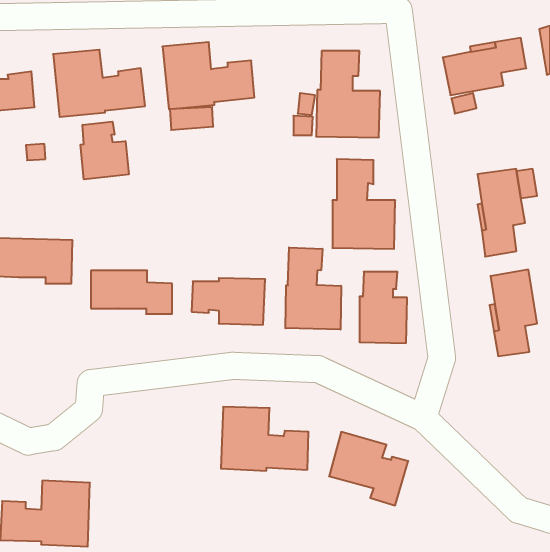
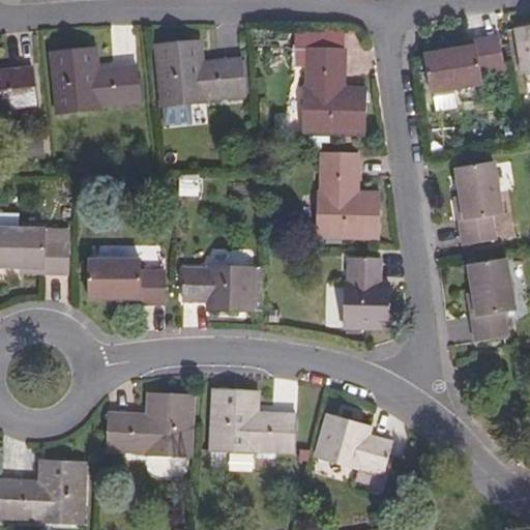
building: [81,122,129,179] -> none
building: [285,247,341,330] -> none
building: none -> [108,393,193,454]

